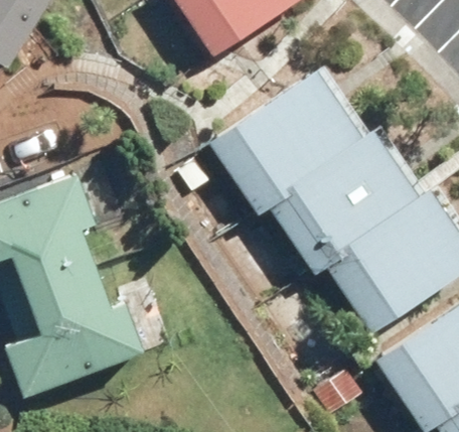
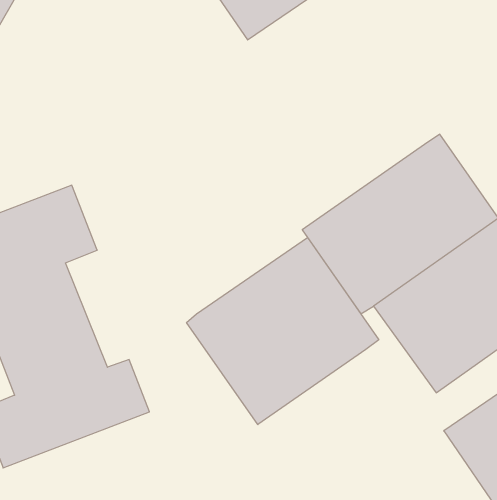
building: [204,67,360,211] -> none
building: none -> [187,238,379,425]

